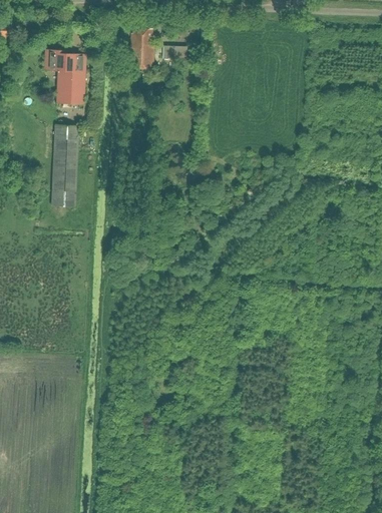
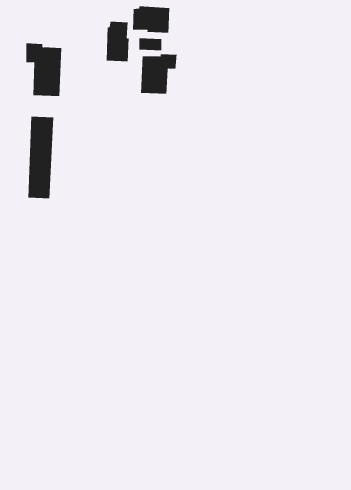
building: none -> [132,6,170,34]
building: none -> [141,54,177,95]

